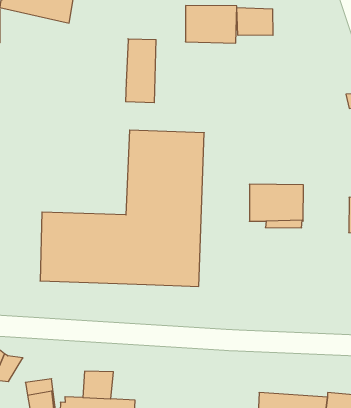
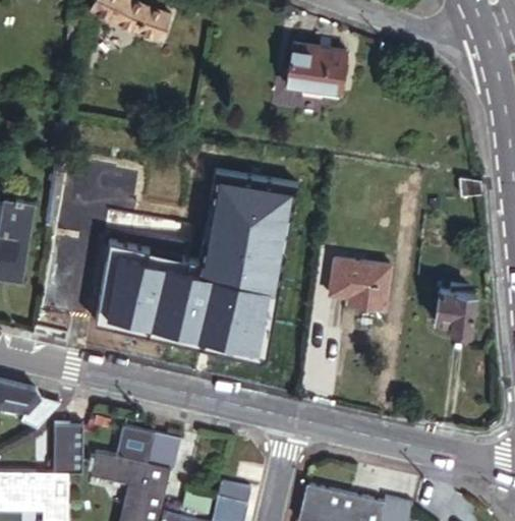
building: [237,8,273,35] -> none
building: [126,39,156,103] -> none
building: none -> [142,433,180,471]

